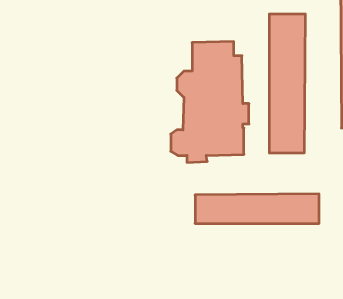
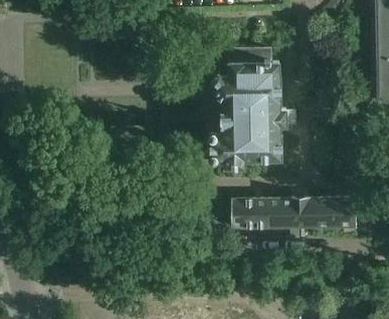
building: [269,14,305,153] -> none

